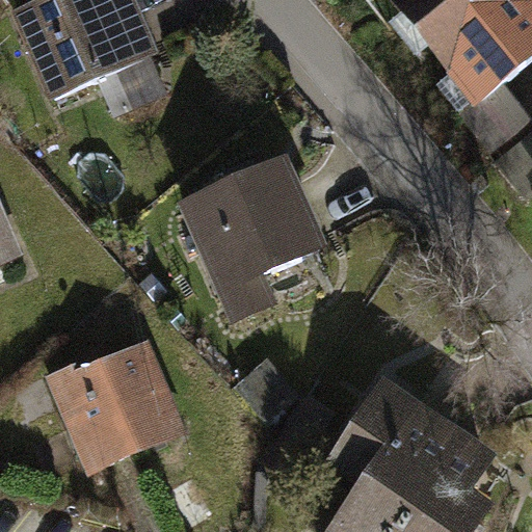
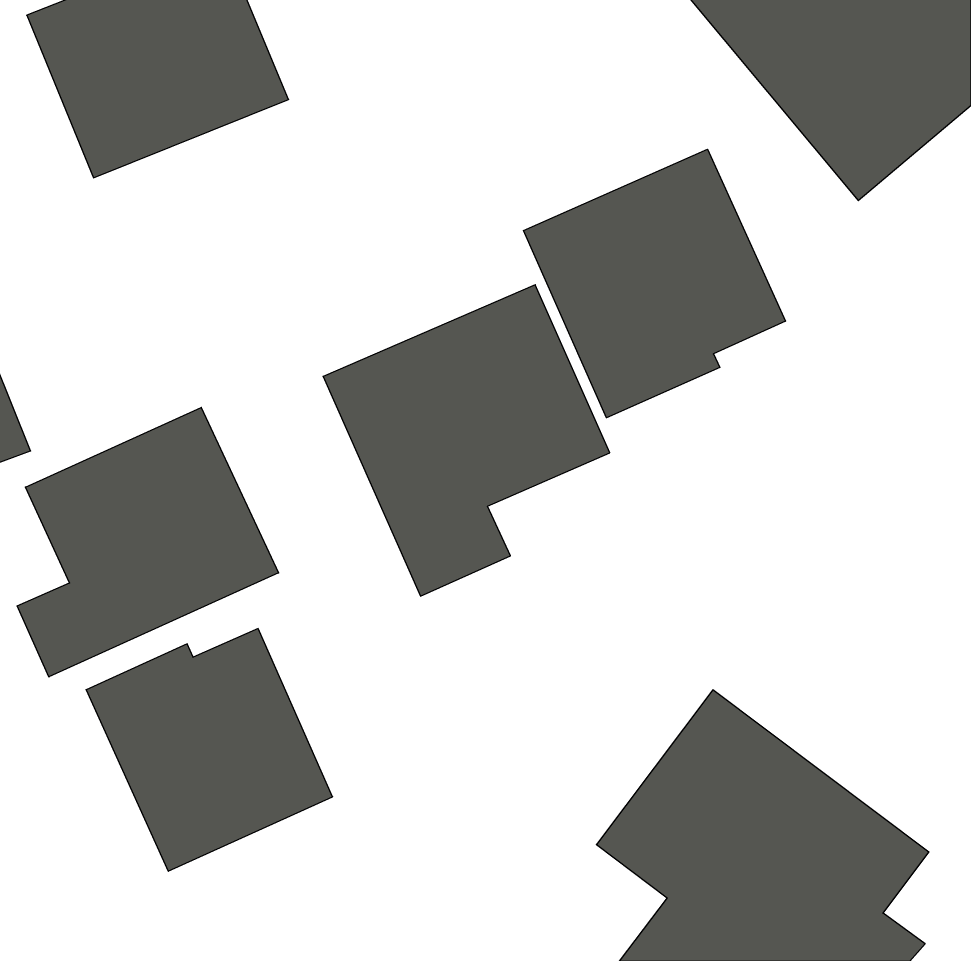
building: none -> [523,149,785,418]
building: none -> [17,407,279,677]

